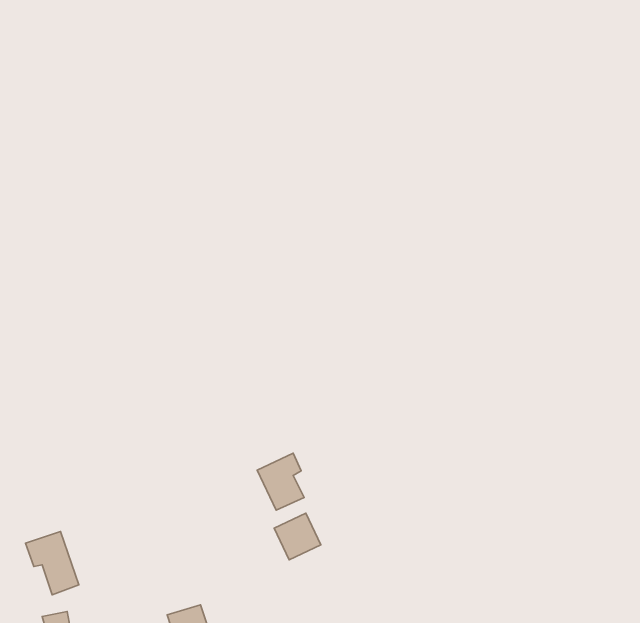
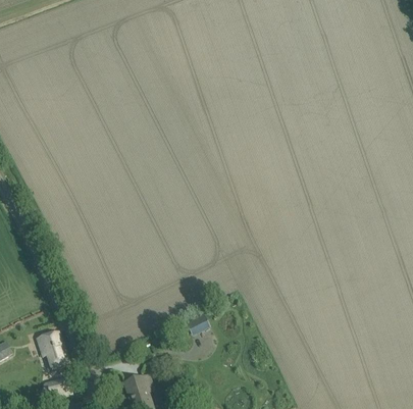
building: [257,453,304,510] -> none

